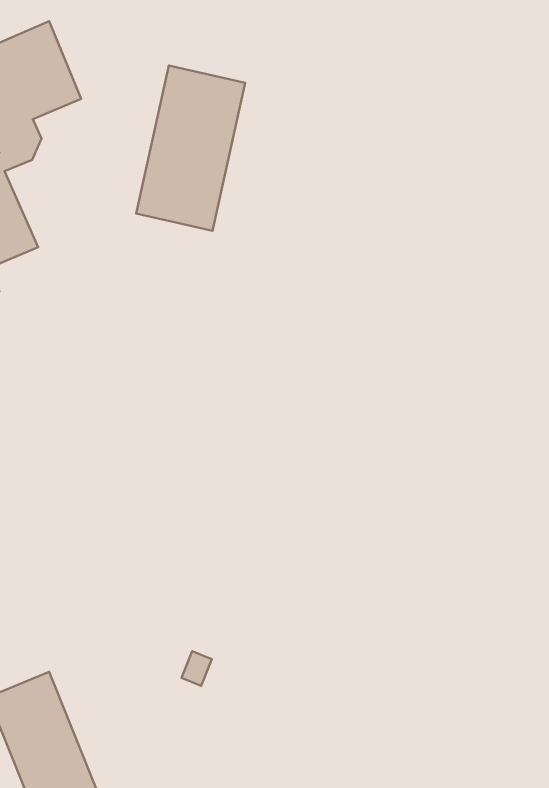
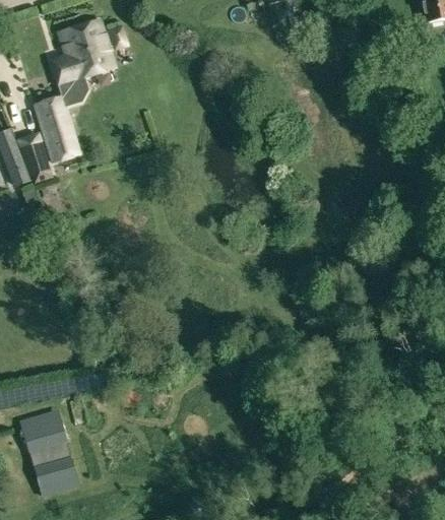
building: [136,66,245,231] -> none

